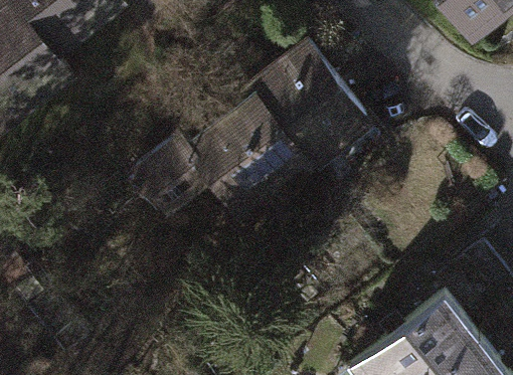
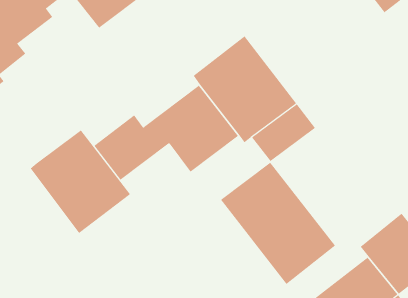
building: none -> [30,129,131,234]
building: none -> [220,162,336,285]

